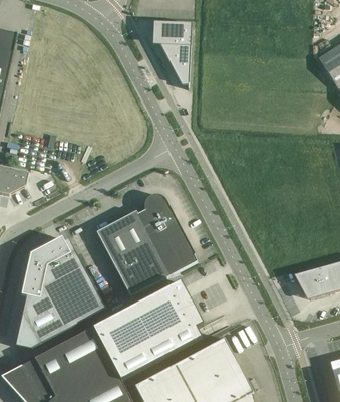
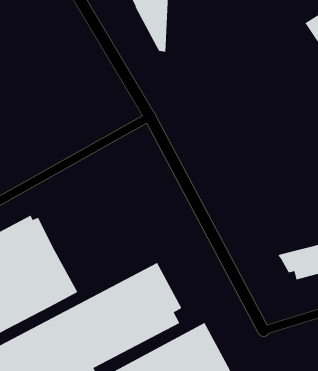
building: [96,194,197,296] -> none

